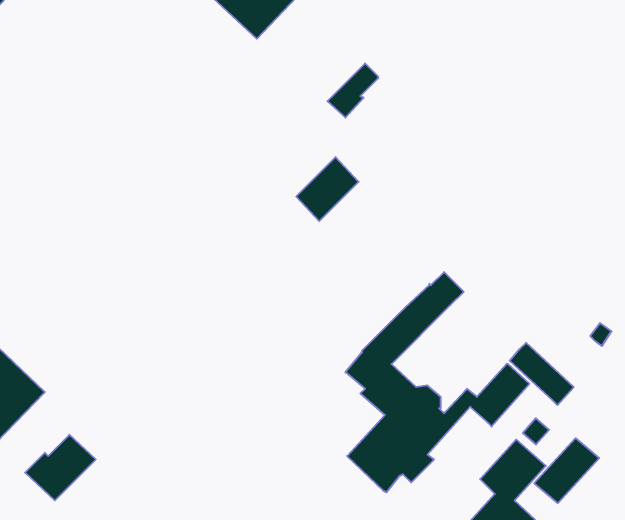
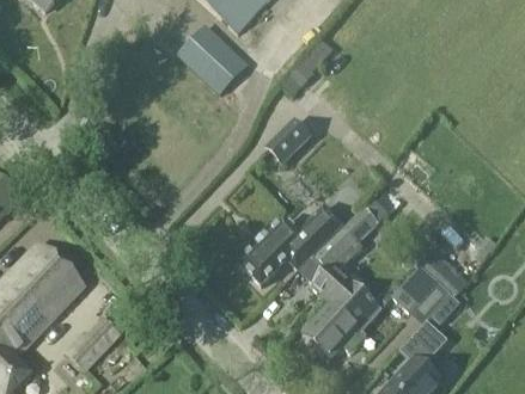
building: none -> [177,21,246,91]
building: none -> [237,204,344,289]
building: [534,438,599,503] -> none

